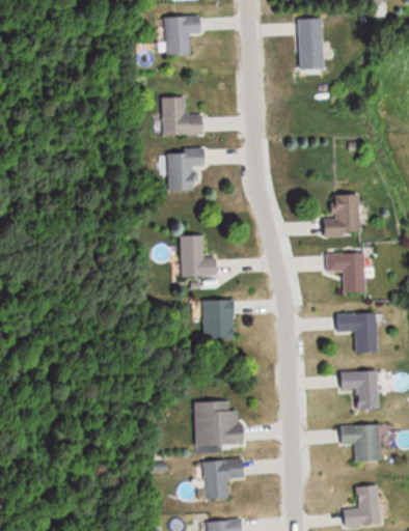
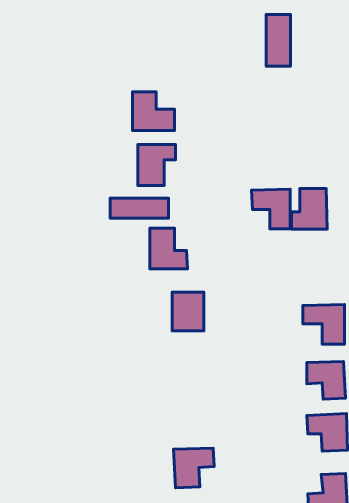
building: [164,15,202,55] -> none
building: none -> [110,198,169,218]
building: [325,252,364,292] -> [251,189,290,229]
building: [193,399,243,446] -> none

